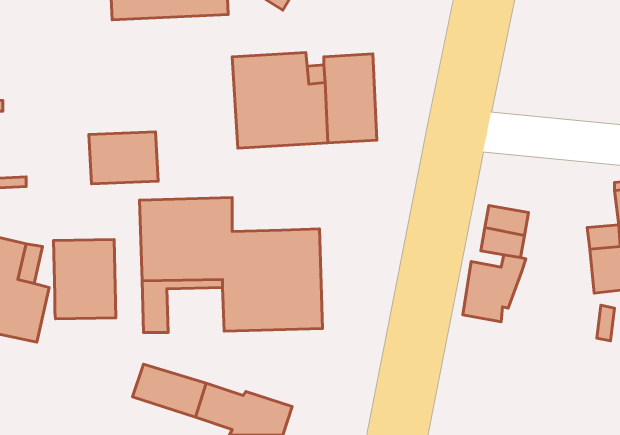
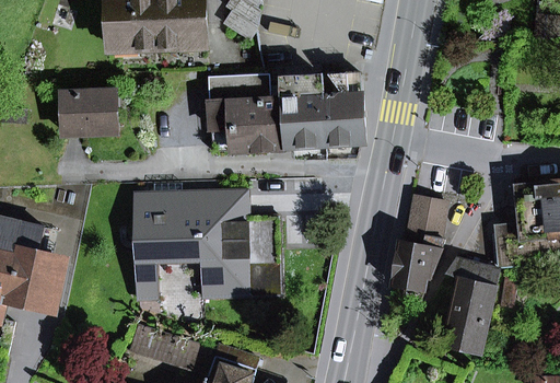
building: none -> [320,74,363,146]
building: [89,132,158,184] -> [61,93,117,135]
building: none -> [208,190,247,219]
building: [53,240,116,319] -> none
building: none -> [445,259,498,353]

